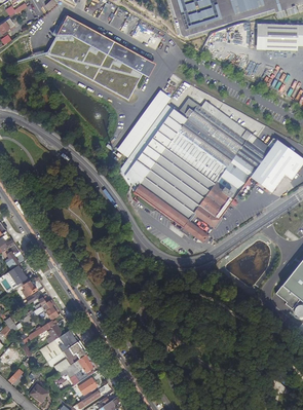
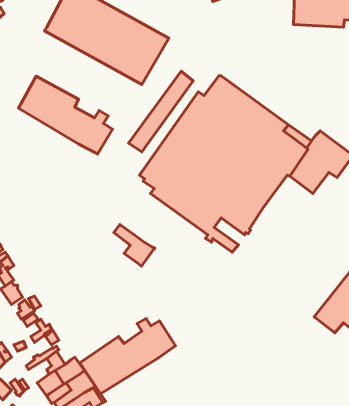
building: none -> [18,76,112,154]
building: none -> [114,224,155,266]
building: none -> [80,318,175,394]

